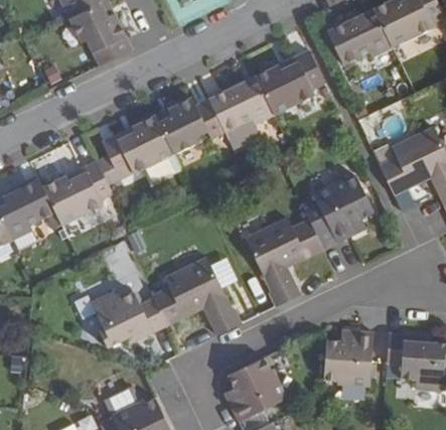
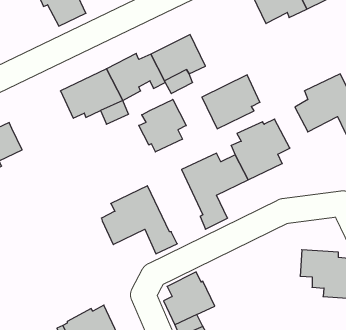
building: [255,50,323,114] -> [202,75,260,129]
building: none -> [139,99,186,152]
building: [44,162,113,225] -> none
building: [89,288,164,345] -> none
building: [321,327,387,384] -> none

